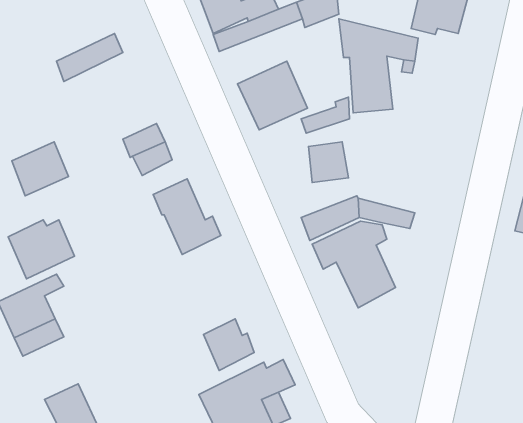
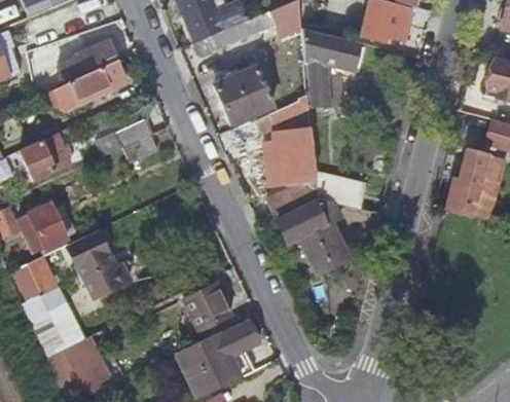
building: none -> [46,58,126,109]
building: [153,179,221,255] -> [70,233,128,298]
building: none -> [31,300,83,354]

